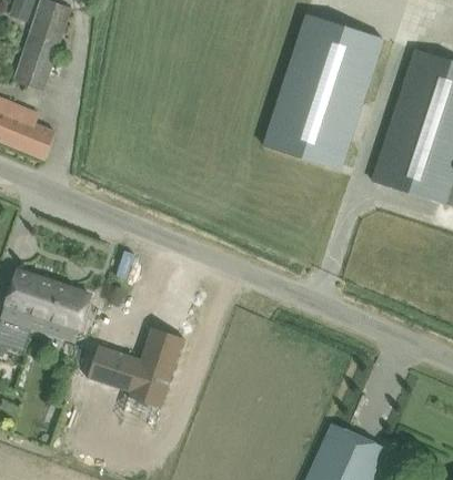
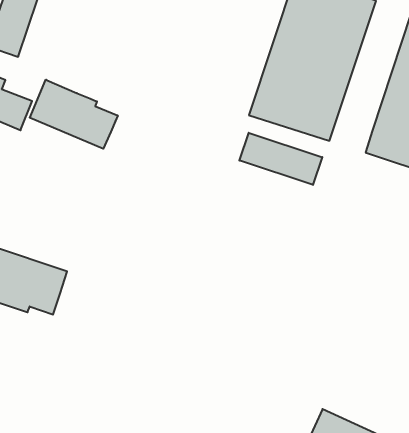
building: none -> [30,80,118,149]
building: none -> [239,133,322,185]
building: [87,333,182,429] -> none

